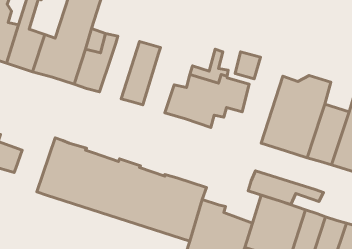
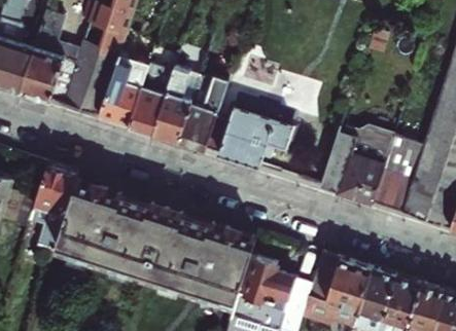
building: none -> [129,65,176,136]
building: none -> [180,68,232,152]
building: none -> [30,162,78,249]
building: [248,171,323,205] -> none

